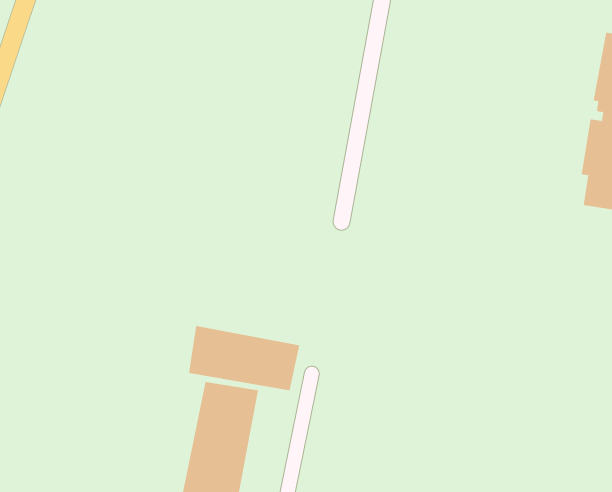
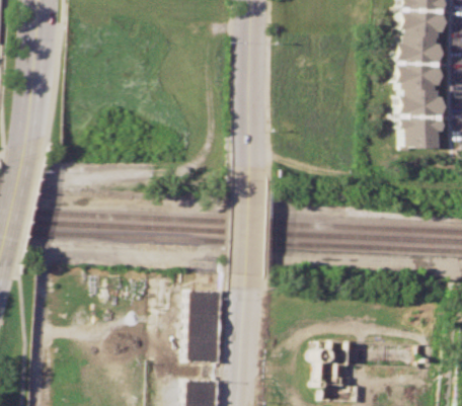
building: [188,325,300,391] -> none

